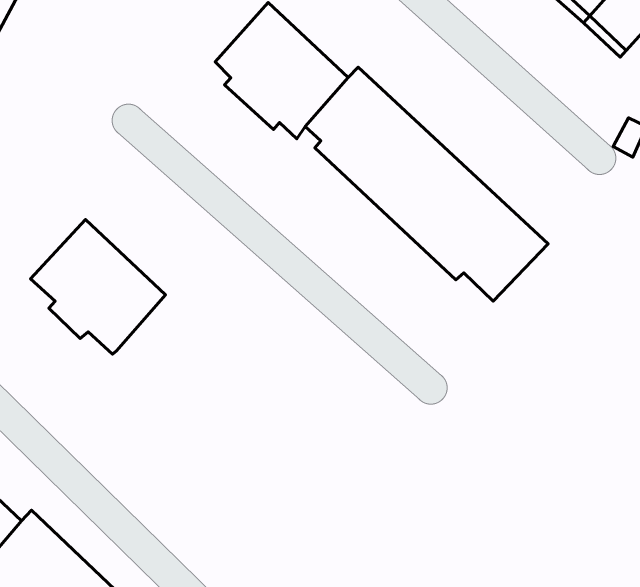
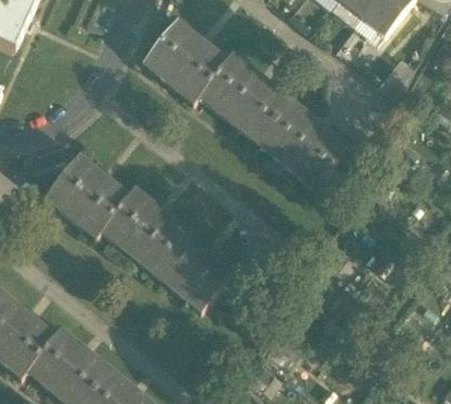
building: none -> [100,188,233,311]

